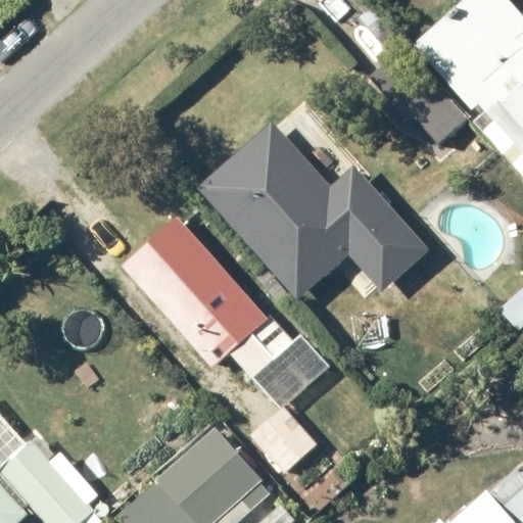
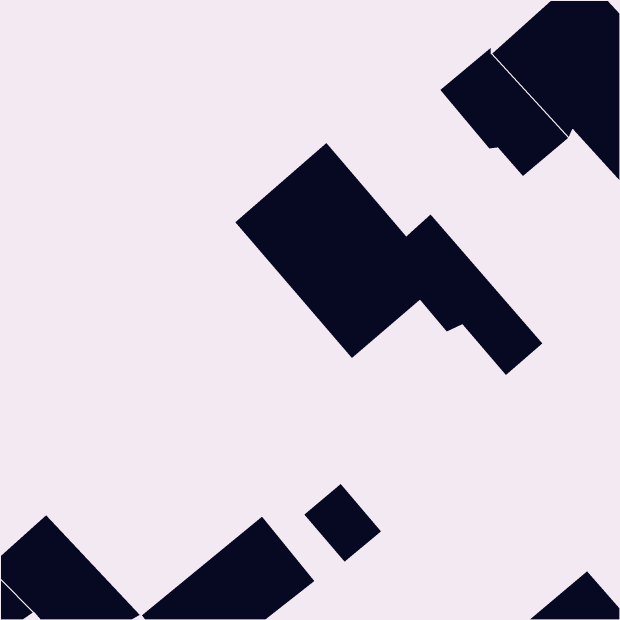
building: [112,204,323,406] -> none

